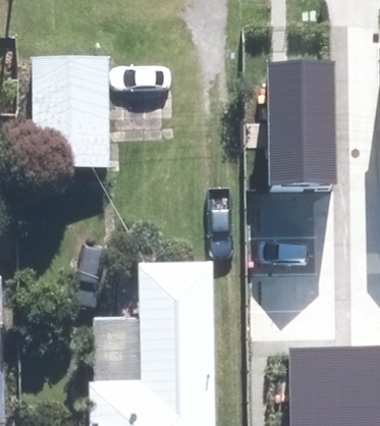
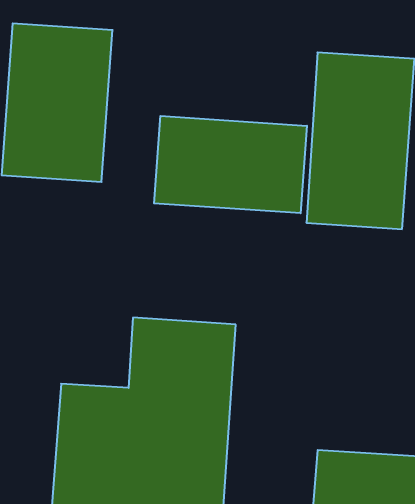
building: none -> [154,116,307,213]

